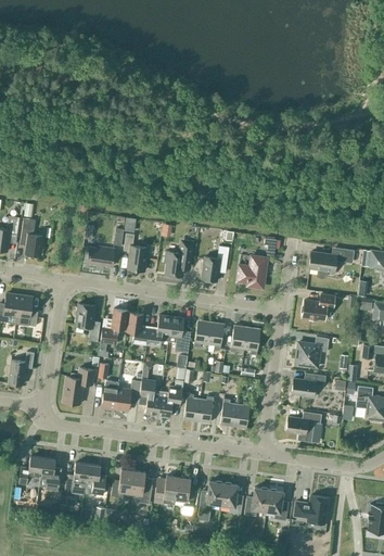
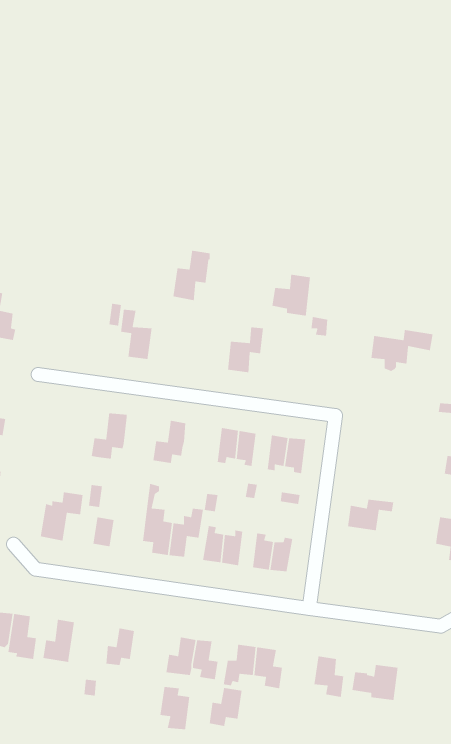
building: [165,238,193,276] -> [173,250,211,301]
building: [87,245,114,265] -> none
building: [235,254,265,286] -> [271,274,311,316]
building: [302,292,334,318] -> none
building: [75,302,100,340] -> none
building: [125,312,148,344] -> none
building: [167,316,189,358] -> none
building: [295,334,328,365] -> none
building: [114,379,140,410] -> none
building: [285,412,321,442] -> none
building: [84,464,105,494] -> none
building: [129,470,152,503] -> [159,686,190,730]
building: [243,486,268,516] -> [209,687,243,727]

